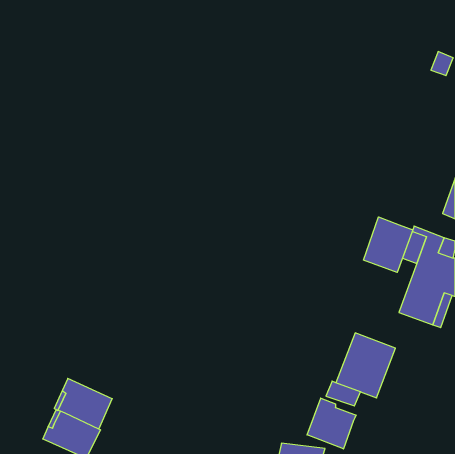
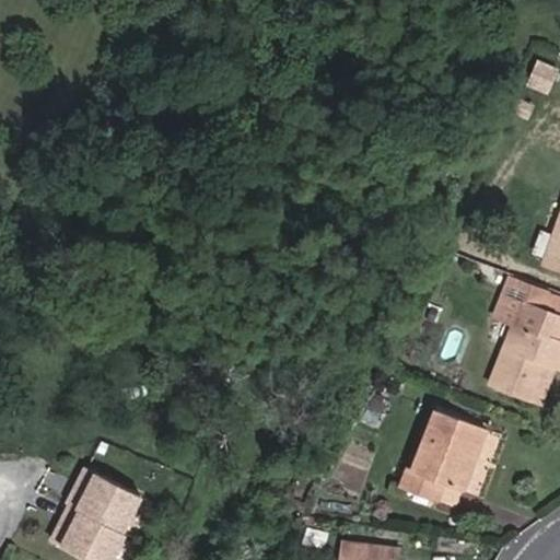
building: [363,217,413,272] -> none
building: [307,398,356,449] -> none

